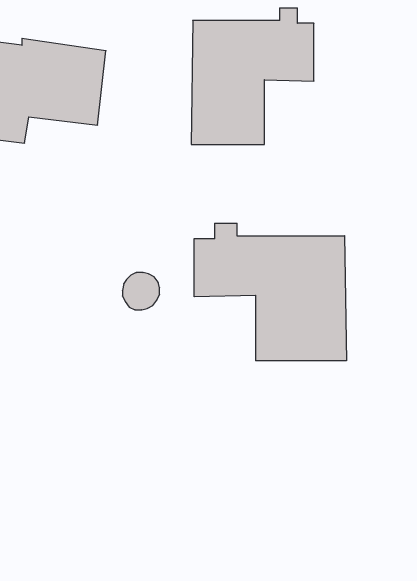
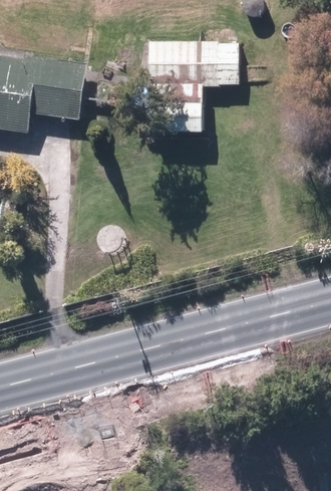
building: [194,223,346,361] -> none

